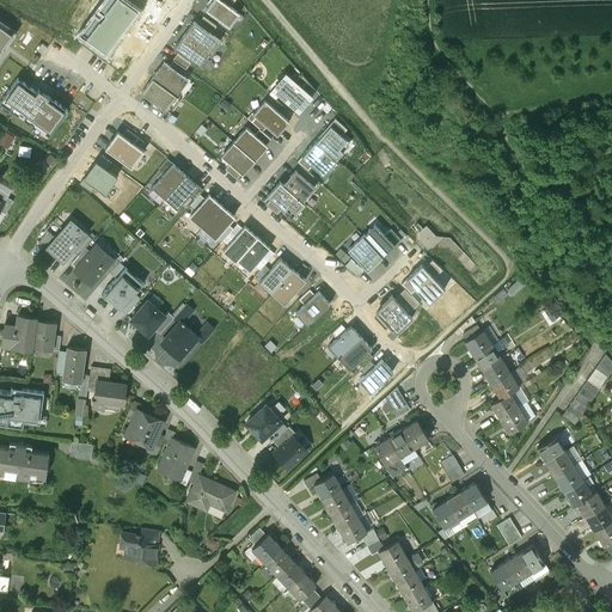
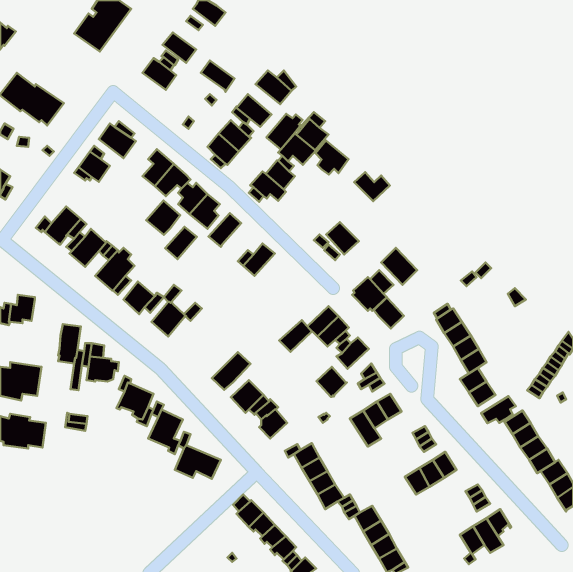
building: [184,23,220,56] -> [201,60,234,92]
building: [141,79,177,111] -> none
building: none -> [267,114,302,150]
building: none -> [315,140,349,175]
building: none -> [146,200,180,235]
building: [362,227,400,258] -> [354,172,390,201]
building: [237,239,270,274] -> [165,227,197,259]
building: [271,271,305,306] -> none
building: [295,294,330,328] -> [279,320,312,352]
building: none -> [374,297,404,328]
building: [33,320,56,350] -> none
building: none -> [212,352,250,390]
building: none -> [317,367,347,397]
building: none -> [481,396,516,423]
building: [121,528,158,564] -> none

